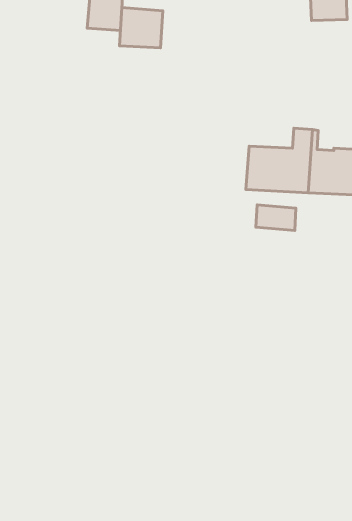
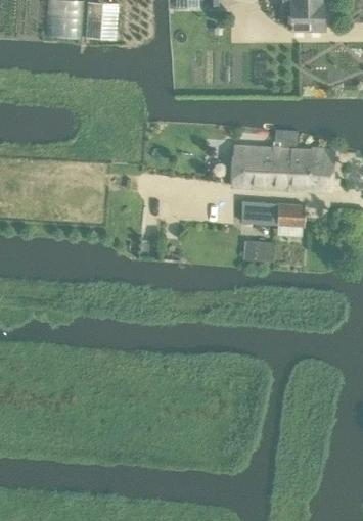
building: [119,8,163,48] -> none
building: none -> [276,203,305,226]
building: none -> [243,241,274,260]

